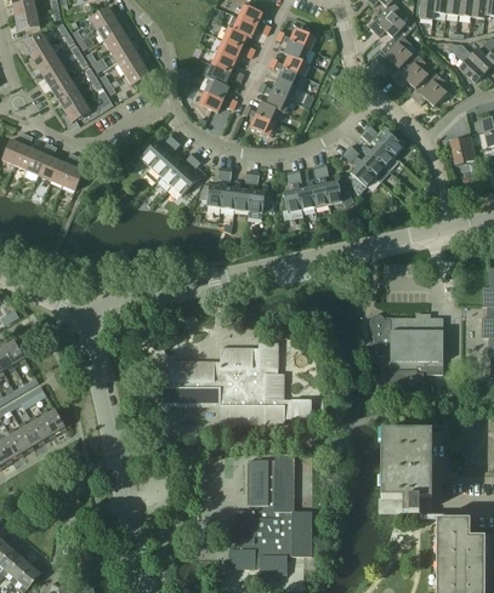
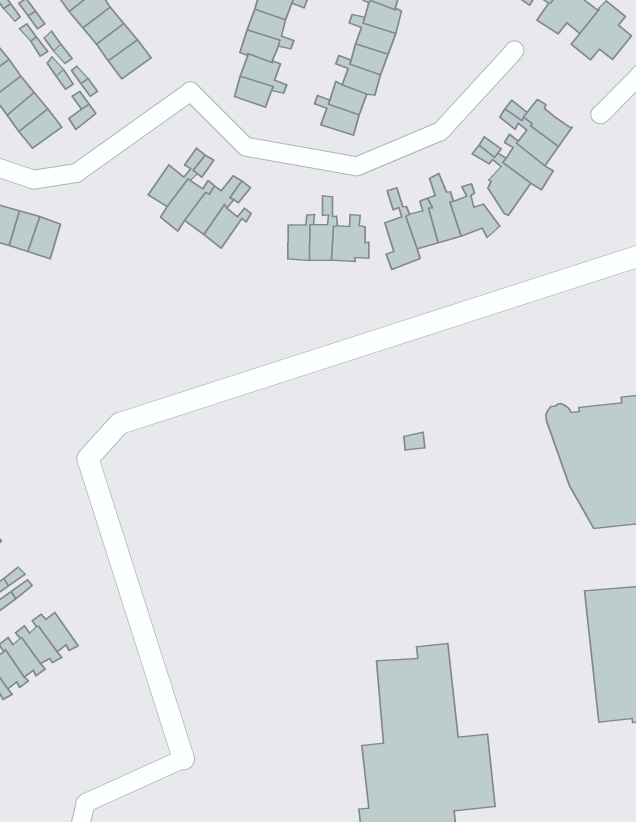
building: [199,166,227,206] -> none
building: [163,341,312,423] -> none

